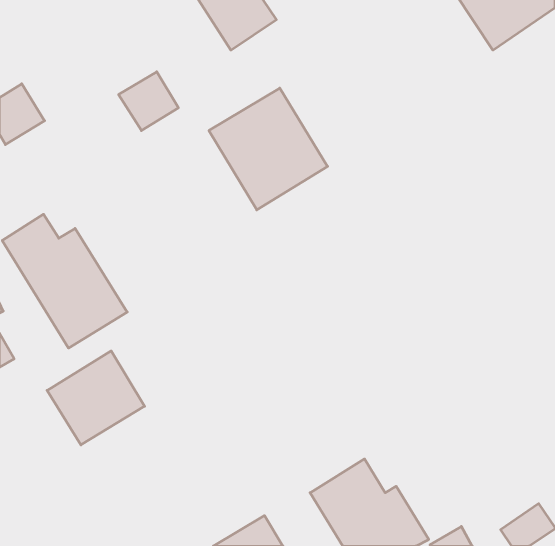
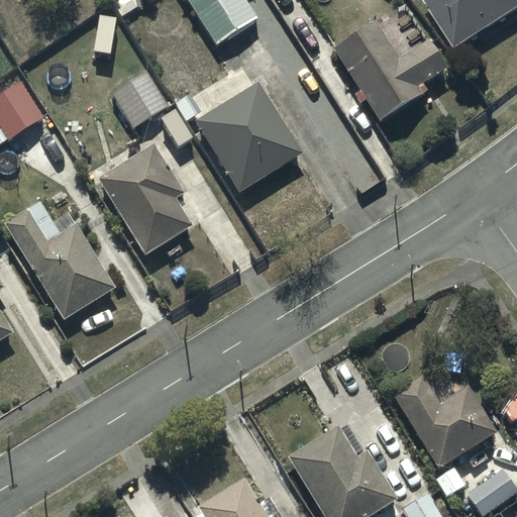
building: none -> [330,21,446,125]
building: none -> [97,142,191,255]
building: [47,351,145,445] -> none
building: none -> [392,376,496,493]

